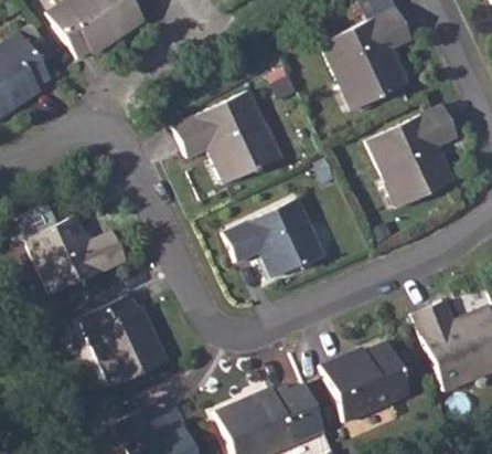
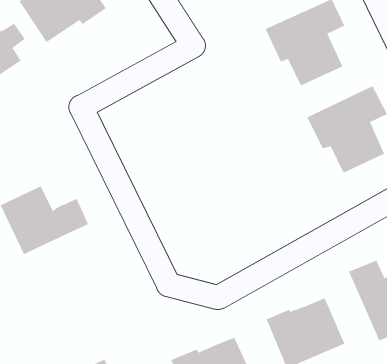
building: [174,91,274,183] -> none
building: [225,199,323,276] -> none
building: [82,295,168,387] -> none

